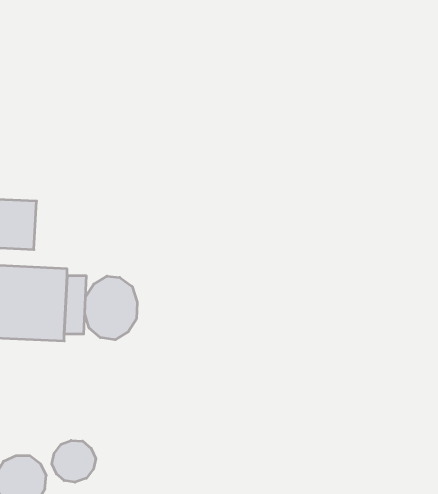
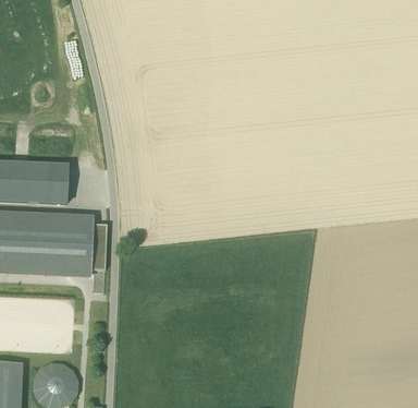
building: [85,276,137,340] -> none
building: [52,440,96,482] -> none

